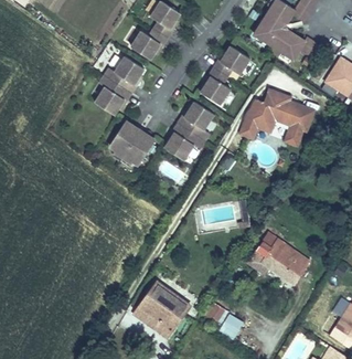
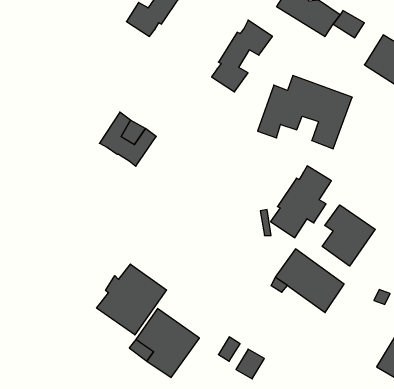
building: [94,56,143,115] -> none
building: [163,102,213,160] -> [271,166,331,238]
building: none -> [322,205,375,266]
building: none -> [97,264,167,335]

